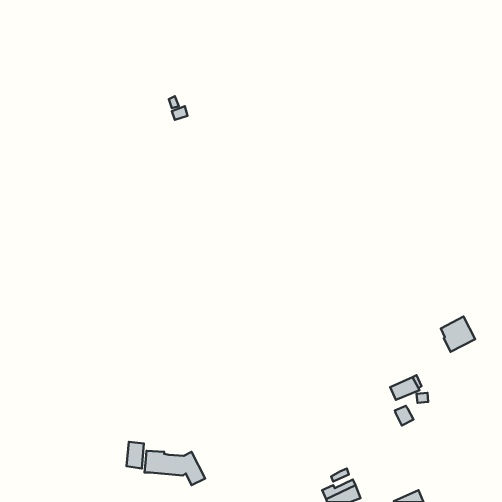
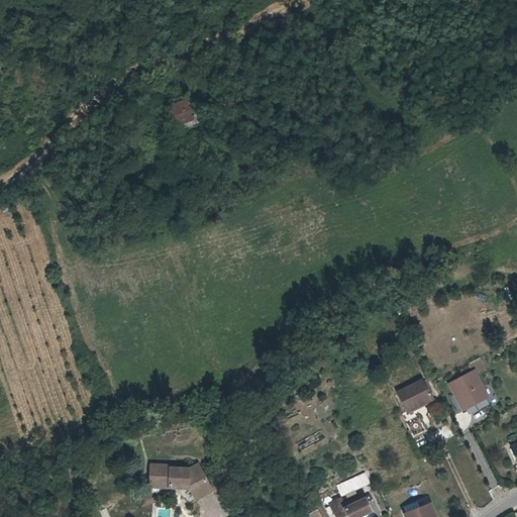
building: [441,317,475,352] -> [451,373,487,409]
building: [127,442,144,469] -> none

